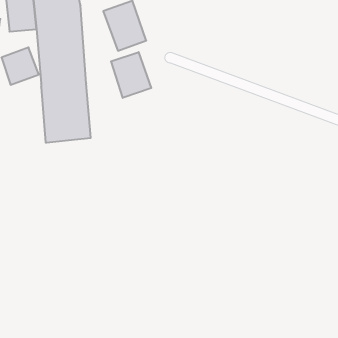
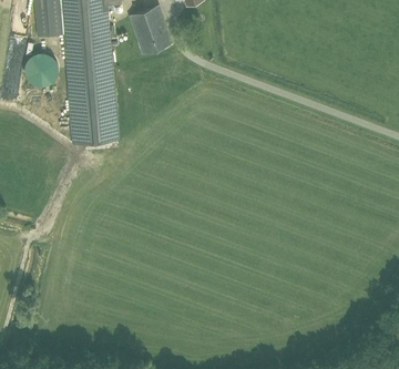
building: [111,52,151,98] -> none

